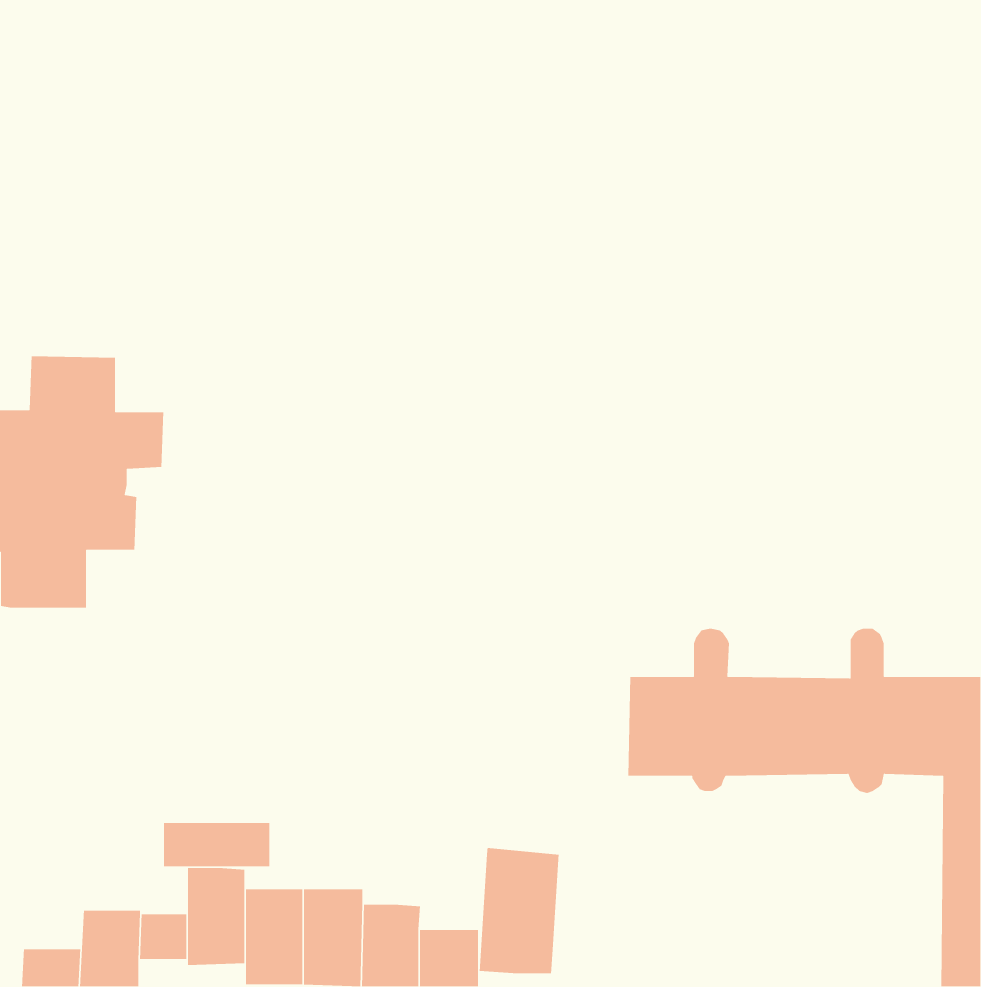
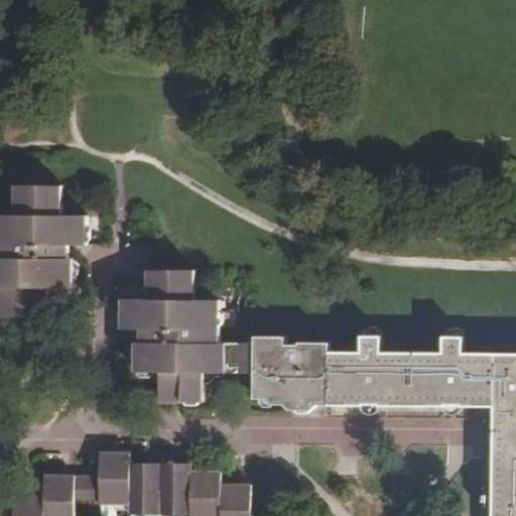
building: none -> [121,269,329,410]
building: [163,822,270,867] -> none
building: [479,847,559,974] -> none

